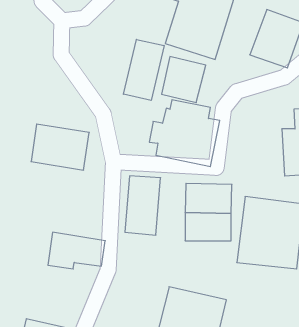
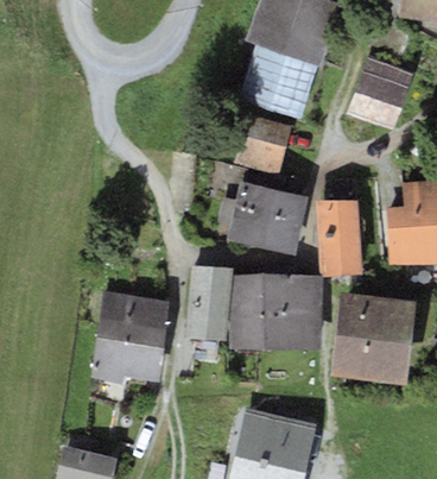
building: [123,39,164,100] -> none
building: none -> [317,198,361,277]
building: [31,124,89,170] -> [96,290,170,348]
building: none -> [232,276,265,348]

